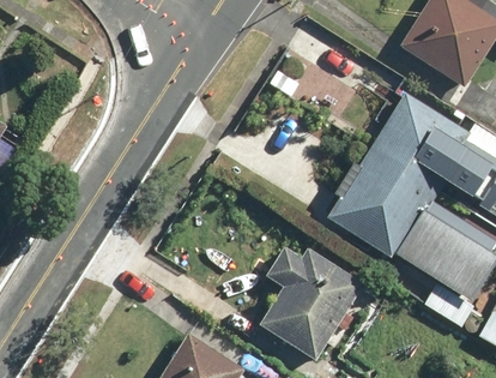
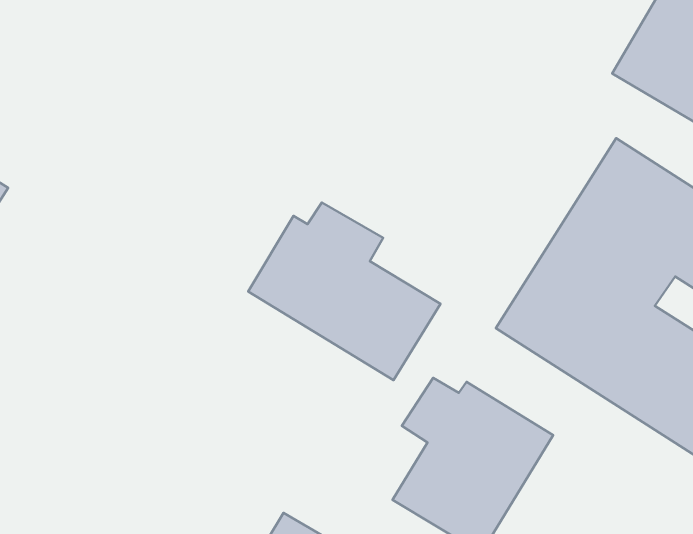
building: none -> [248,203,441,380]

